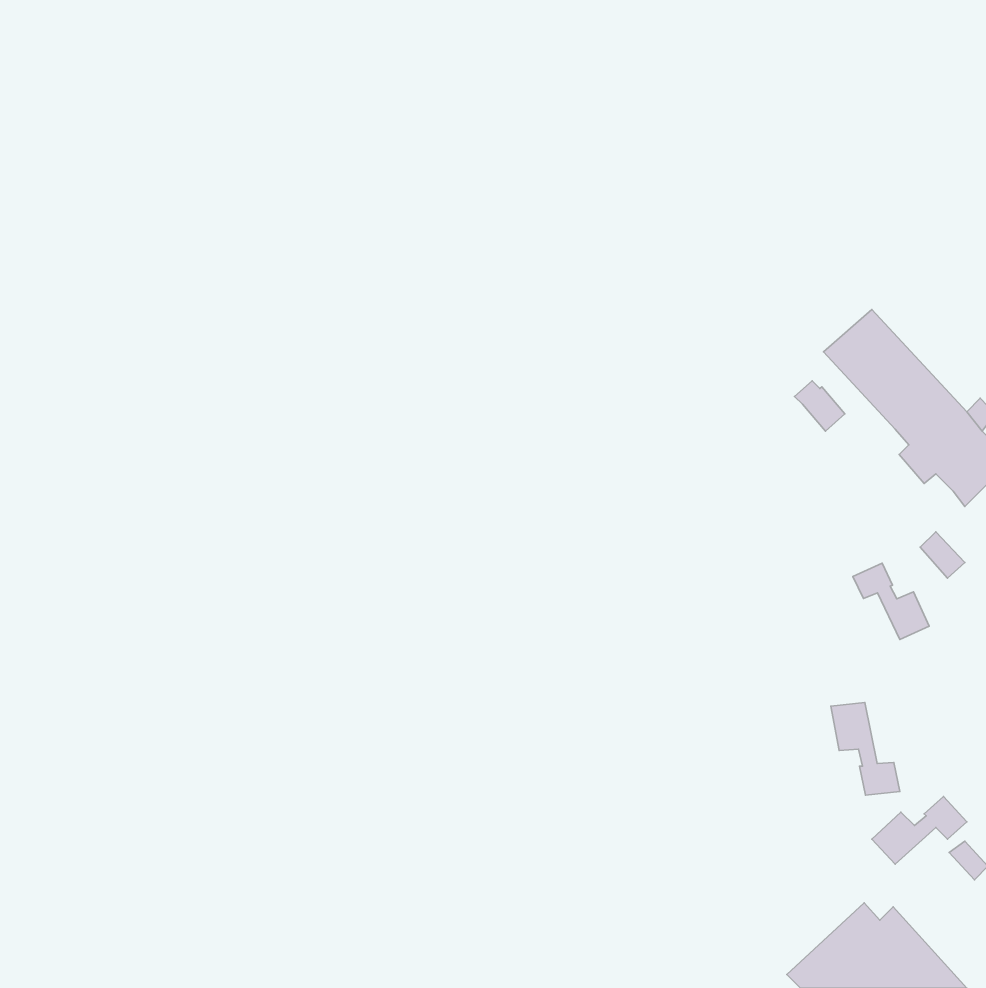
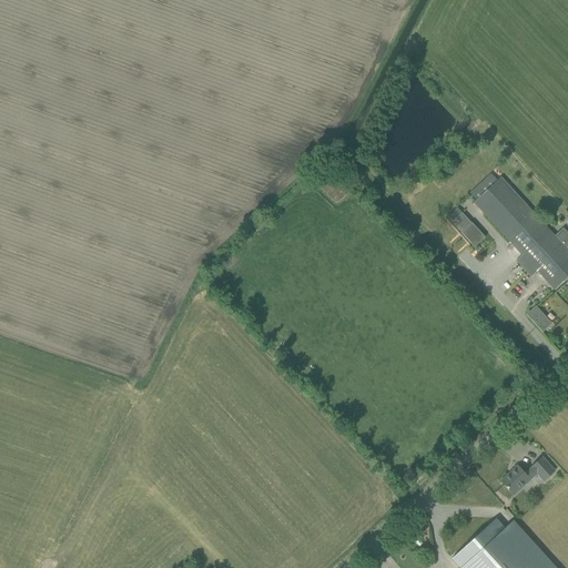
building: [853,563,929,640] -> none
building: [831,703,900,795] -> none

